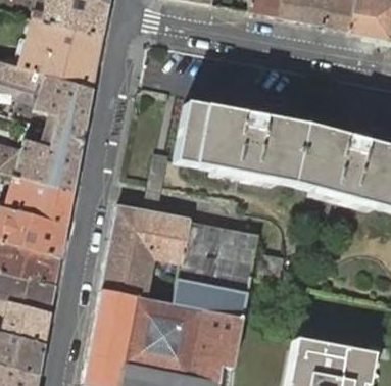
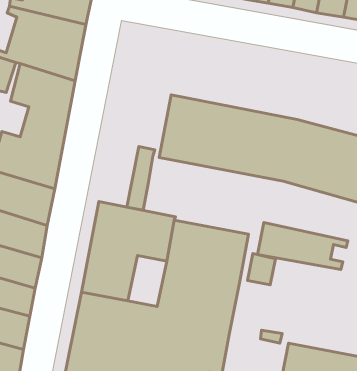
building: none -> [258,223,348,269]

